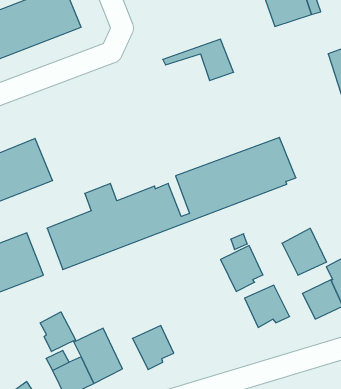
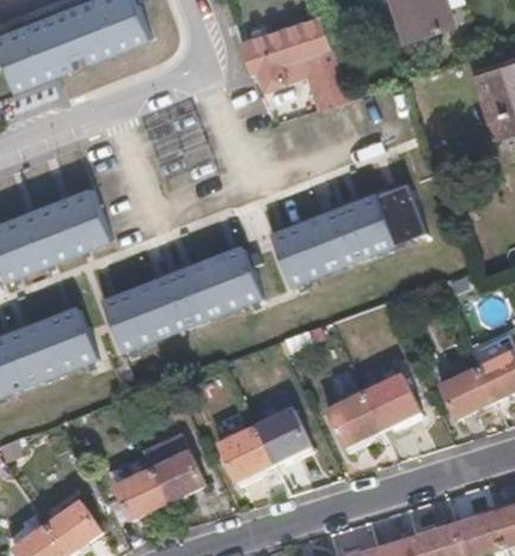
building: none -> [238,14,331,80]
building: [282,228,327,275] -> none
building: [221,246,263,291] -> [325,391,380,451]
building: none -> [253,408,311,463]
building: [40,312,75,352] -> none

